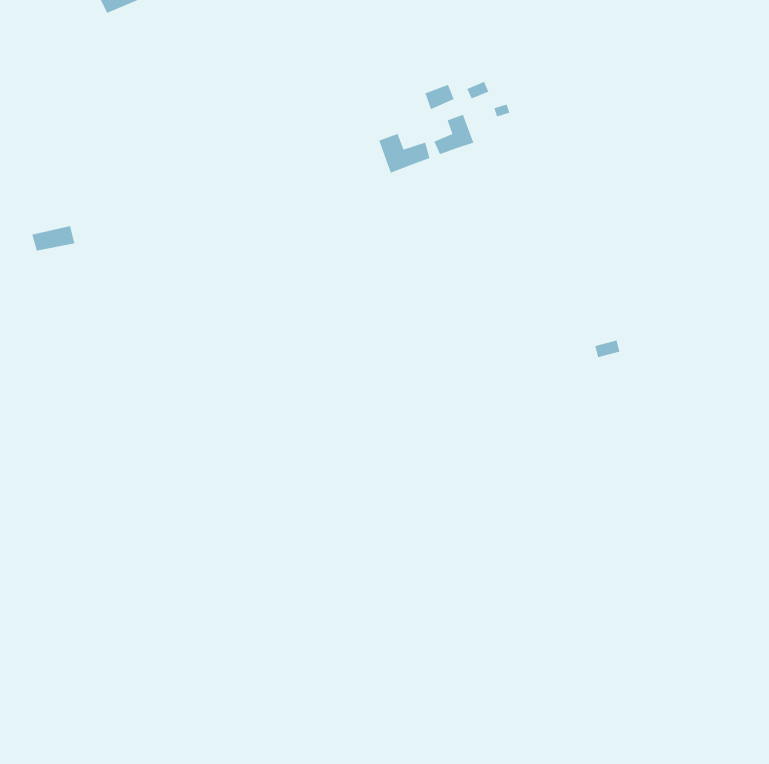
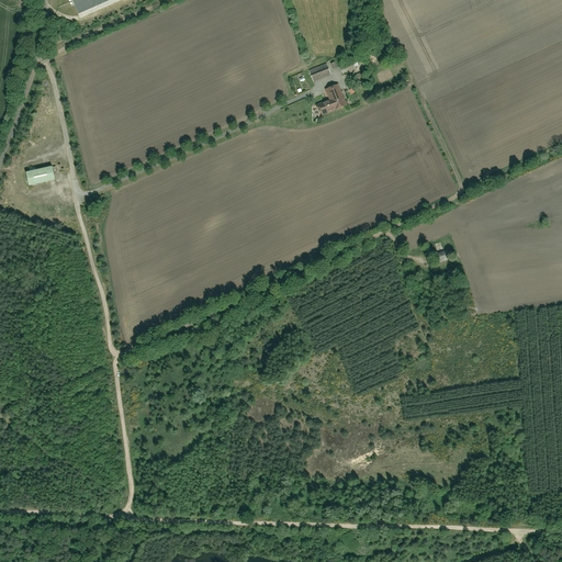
building: [379,133,430,174] -> none

